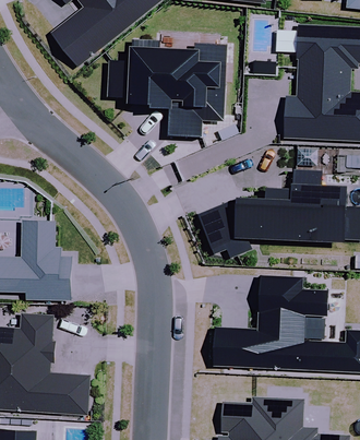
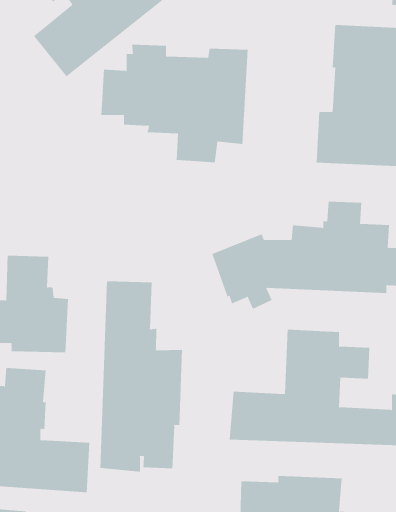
building: none -> [100,280,183,472]

